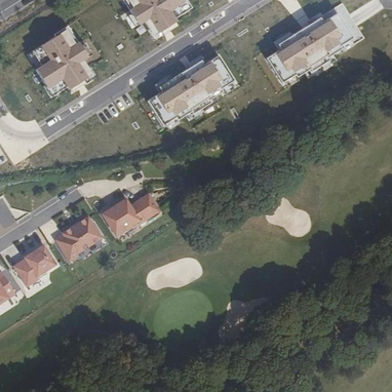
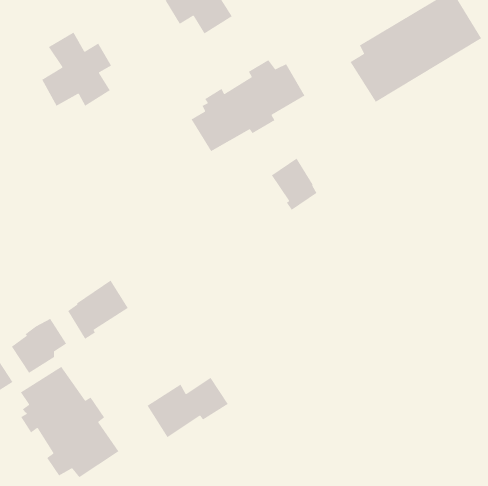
building: none -> [271,158,318,211]
building: [102,193,163,239] -> [147,377,229,438]
building: none -> [20,366,119,478]

